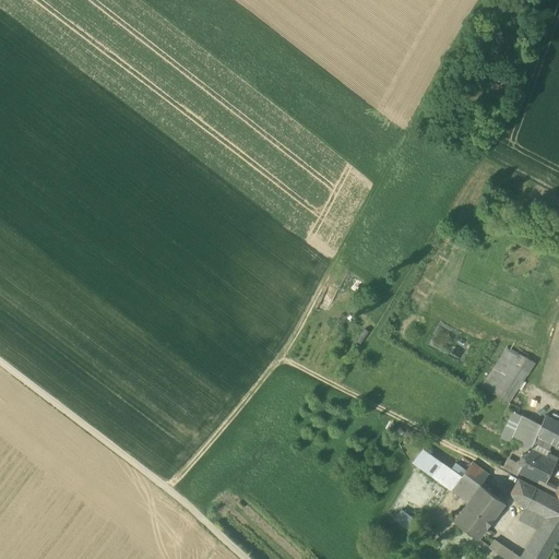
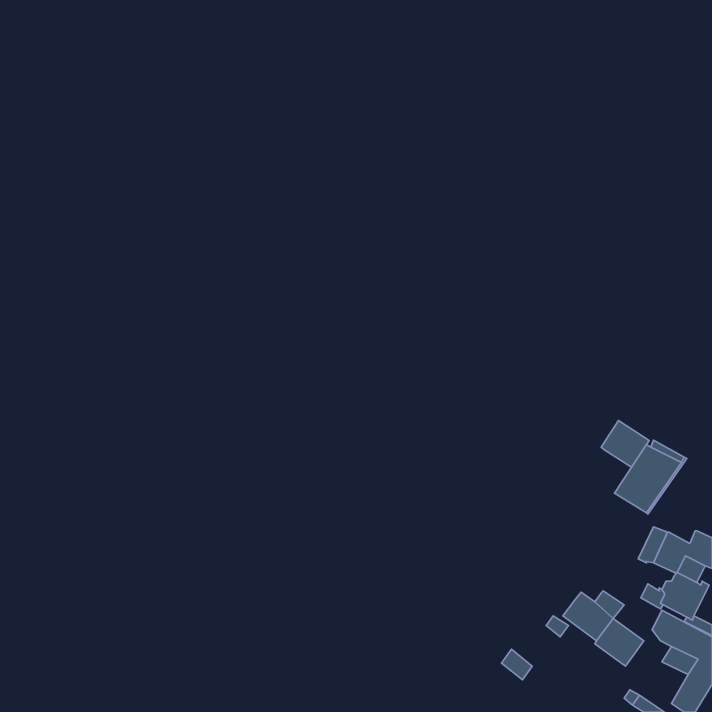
building: none -> [601,421,649,467]
building: [413,450,451,483] -> none
building: [453,504,490,538] -> none

